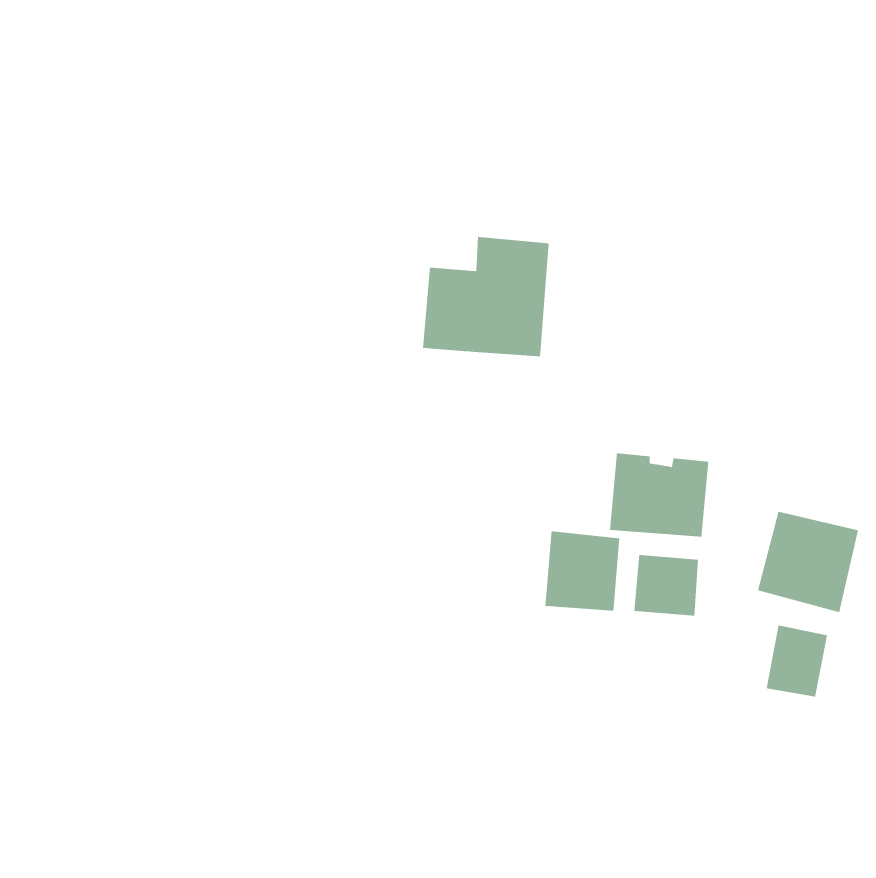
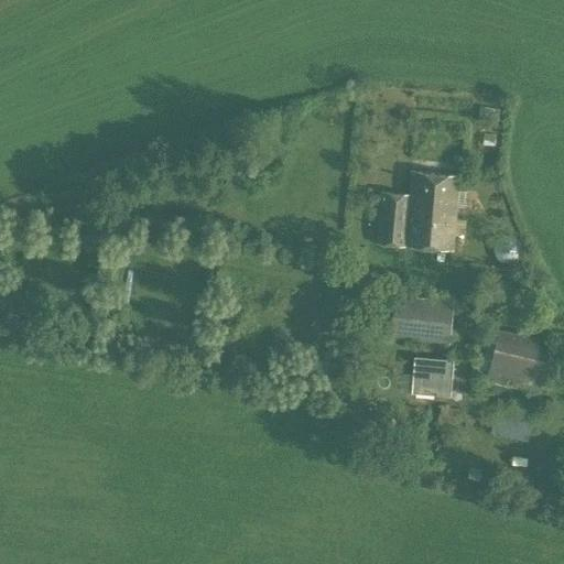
building: [422,236,550,357] -> [378,173,459,250]
building: [545,531,620,612] -> none

